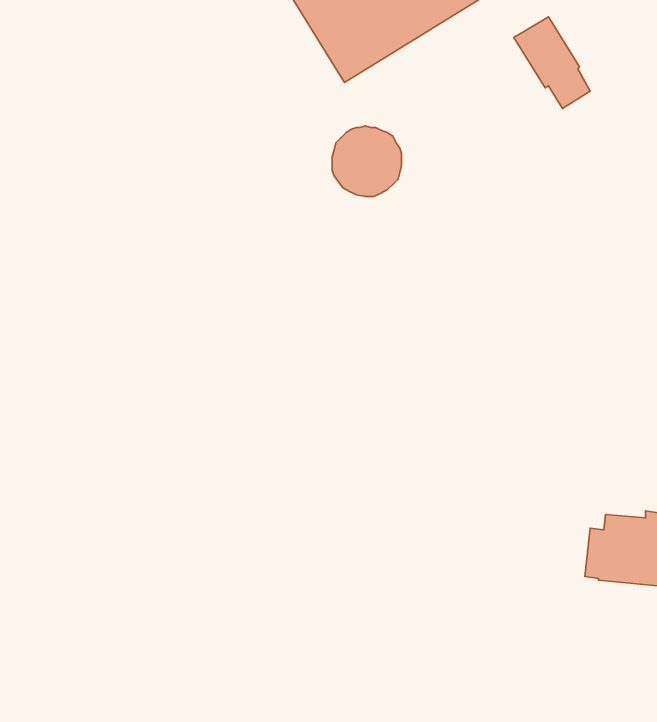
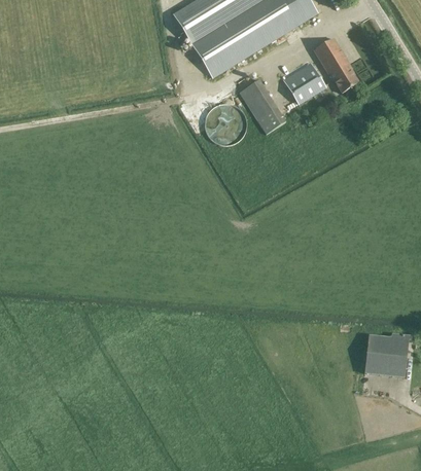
building: none -> [286,66,325,104]
building: none -> [241,78,285,134]

